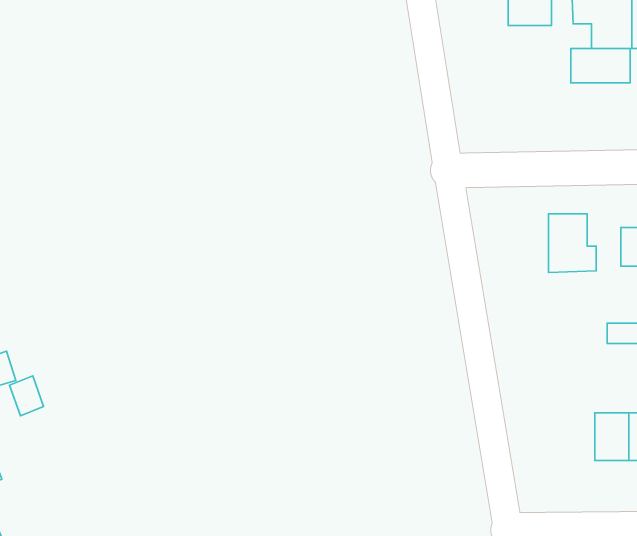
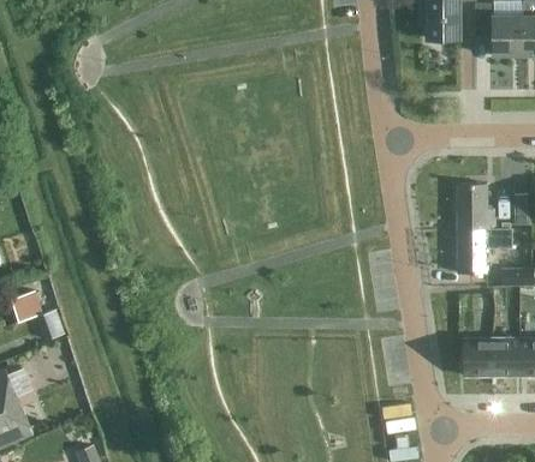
building: [571,49,630,83] -> none
building: none -> [457,228,511,274]
building: none -> [464,338,493,376]

